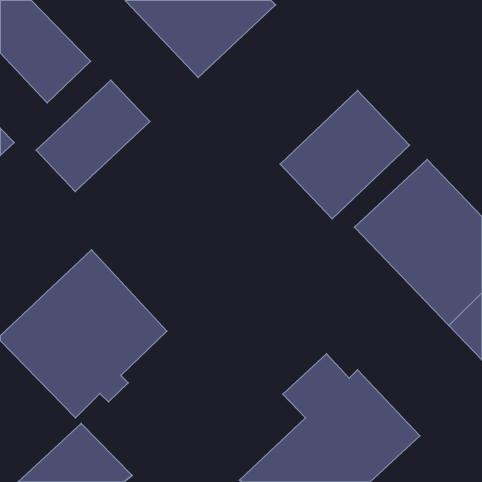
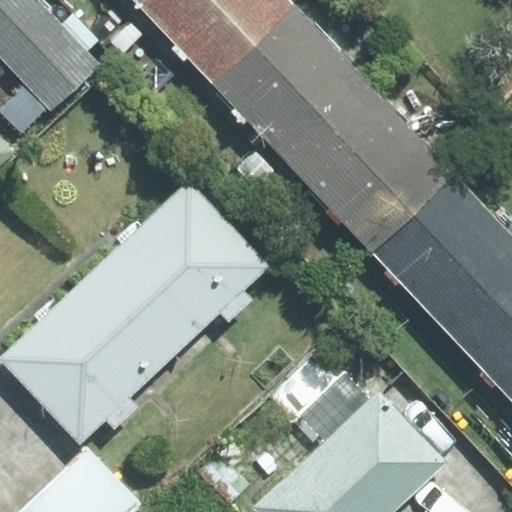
building: none -> [210,5,379,174]
building: [36,80,150,192] -> none
building: none -> [97,179,271,351]

